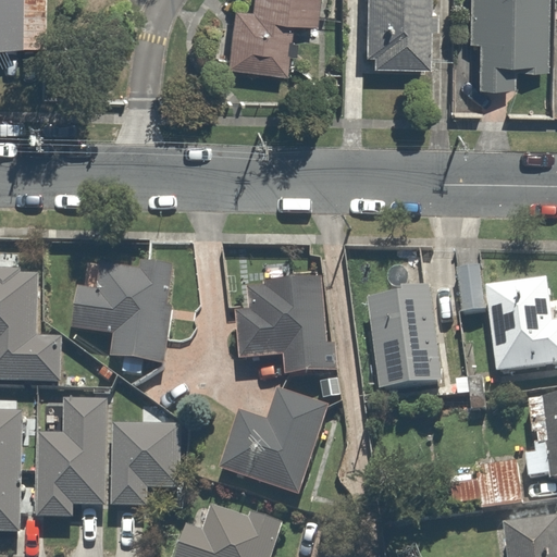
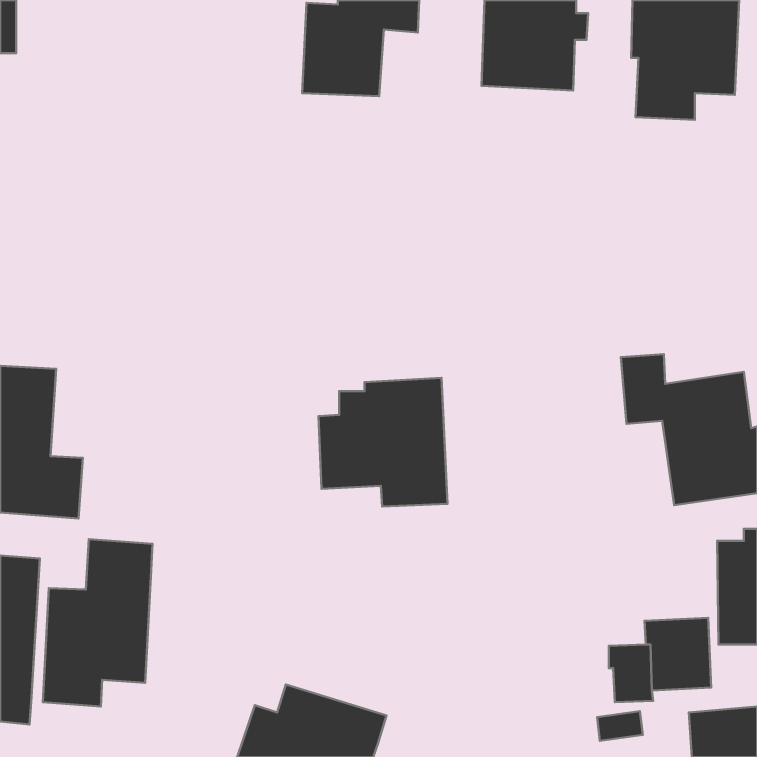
building: [71,262,171,363] -> none
building: [367,273,446,389] -> none
building: [218,385,329,497] -> none
building: [107,419,183,511] -> none

